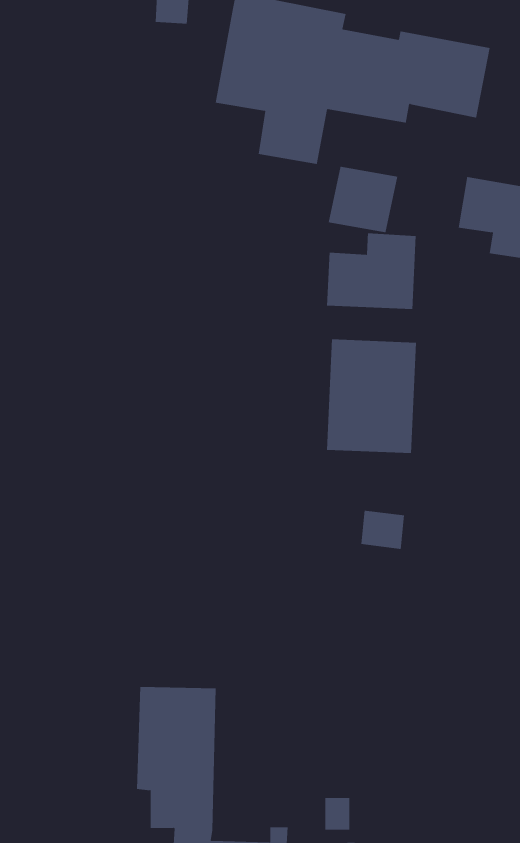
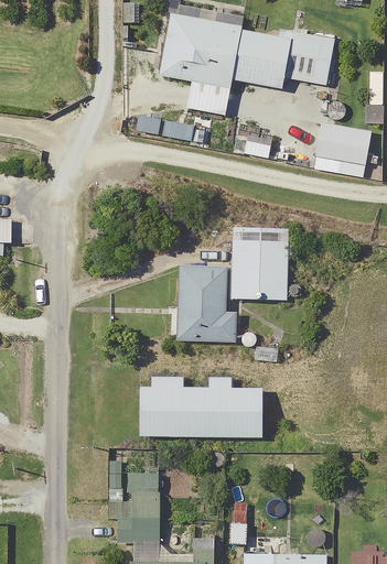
building: [326,233,416,310] -> none
building: none -> [168,267,234,341]
building: none -> [141,377,264,437]

